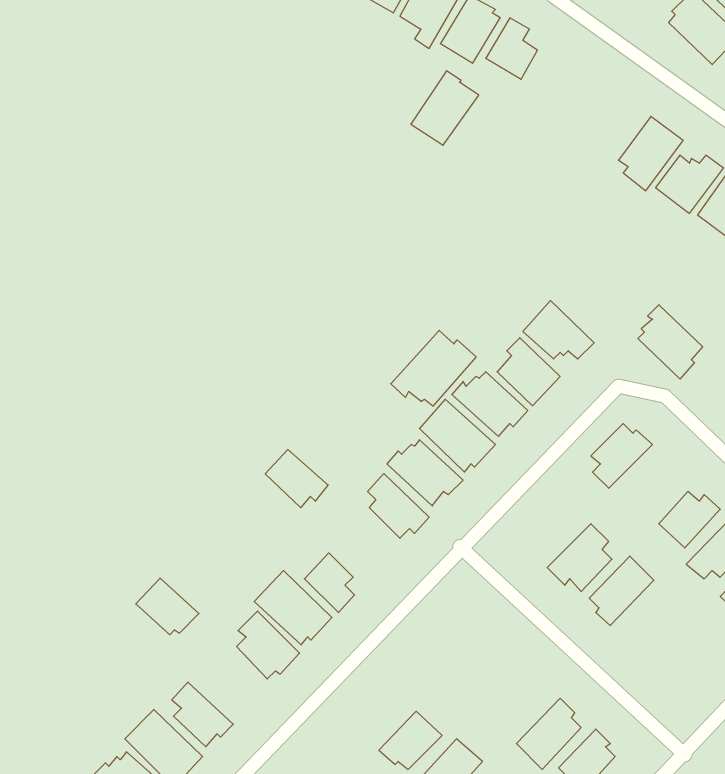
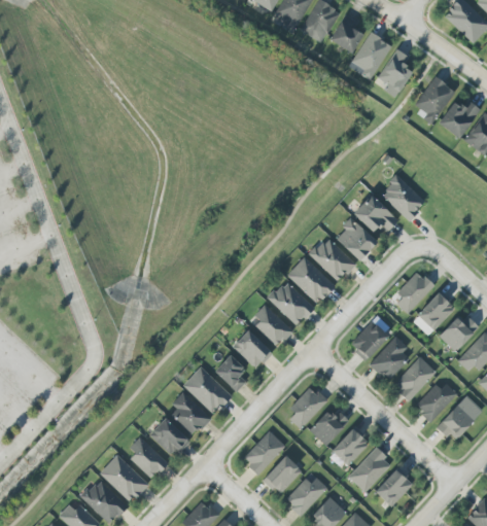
building: [411,71,479,145] -> [349,32,392,79]
building: none -> [378,48,412,97]
building: [638,305,703,379] -> [383,174,424,221]
building: [391,330,476,406] -> none
building: [265,450,328,508] -> [233,330,273,367]
building: none -> [414,290,454,336]
building: none -> [352,321,389,360]
building: [136,578,199,635] -> [149,418,189,454]
building: none -> [417,383,457,422]
building: none -> [289,387,328,428]
building: none -> [436,402,476,439]
building: none -> [310,411,349,445]
building: none -> [332,425,368,465]
building: none -> [245,430,286,475]

